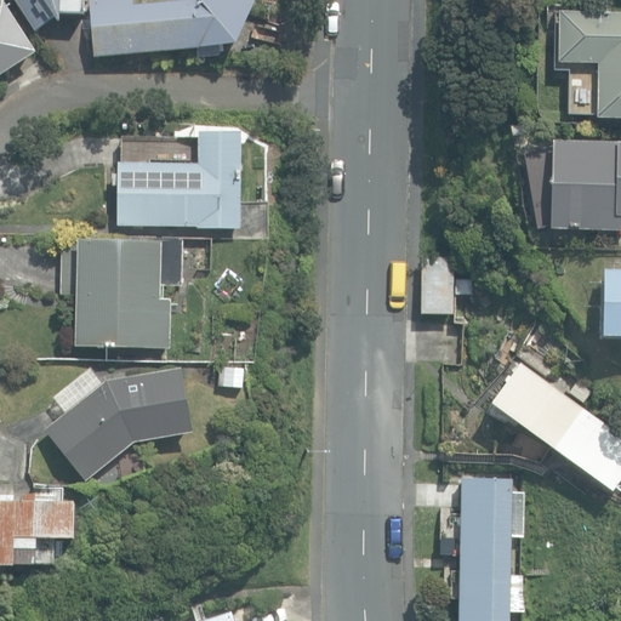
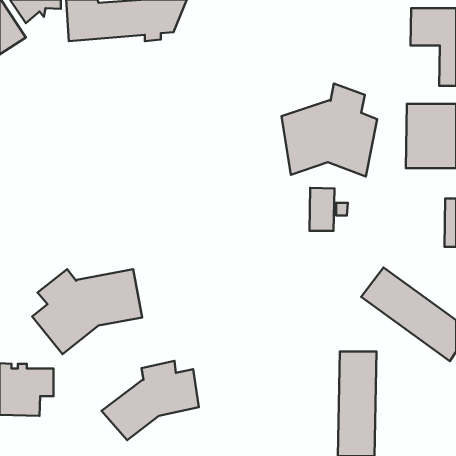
building: none -> [282,83,377,176]
building: [118,132,239,228] -> none
building: [62,238,183,348] -> none
building: none -> [101,361,199,440]

